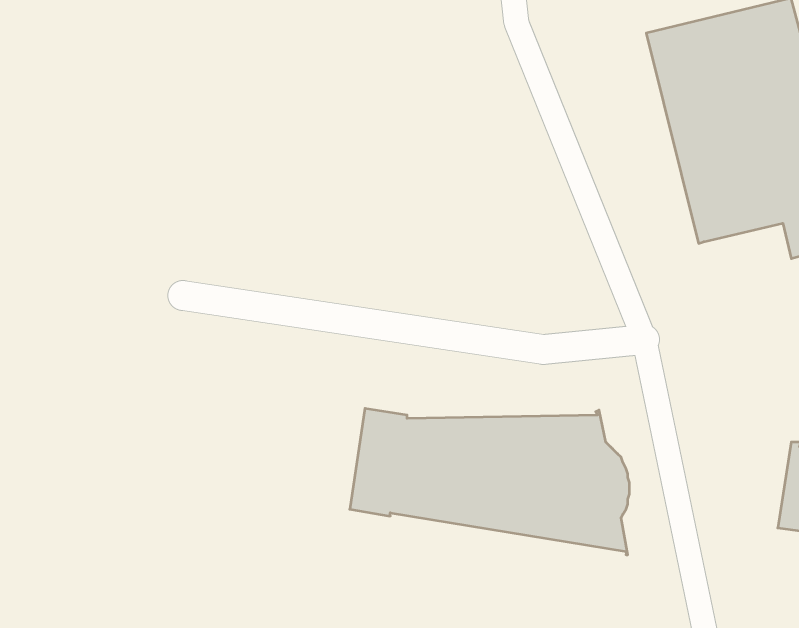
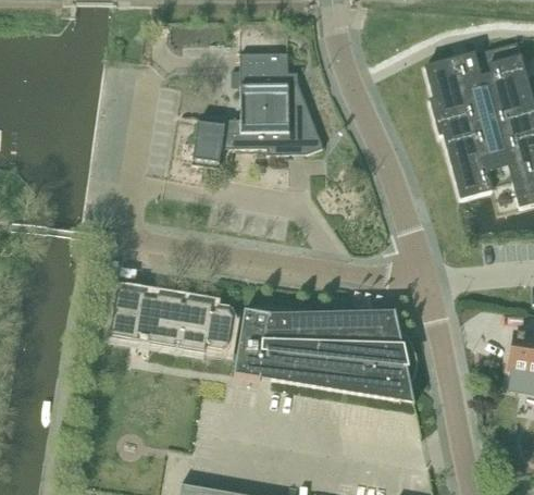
building: none -> [191,52,323,168]
building: none -> [113,285,234,350]

